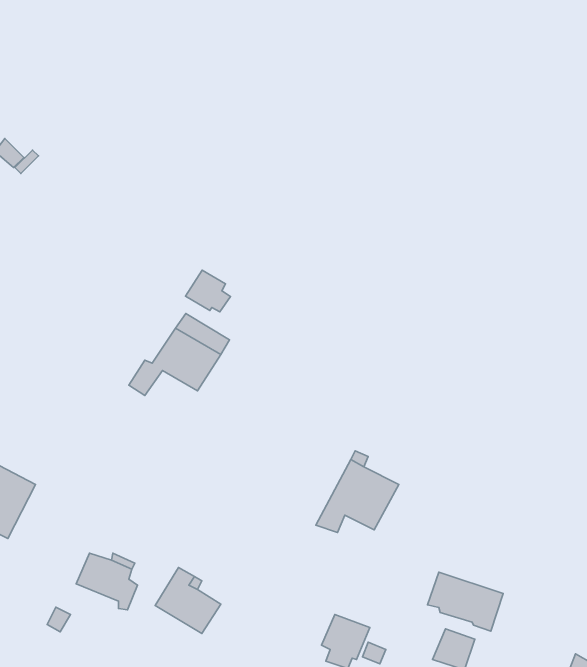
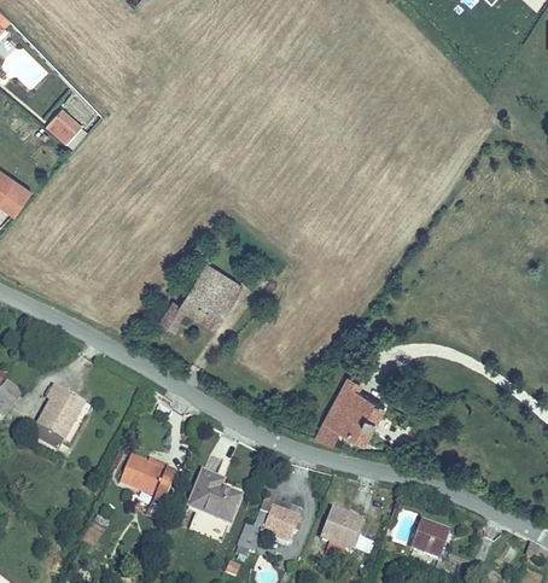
building: [186,270,230,312] -> none
building: [427,572,503,631] -> none
building: none -> [240,506,301,546]

